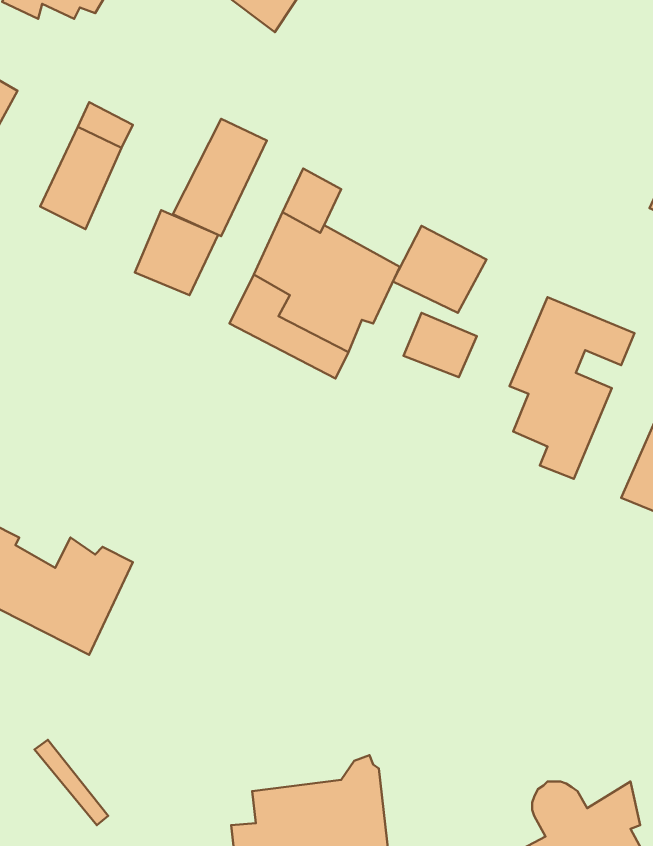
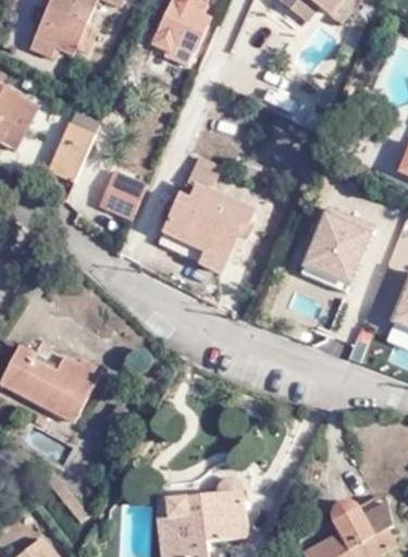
building: [173,119,267,236] -> none
building: [393,226,486,313] -> none
building: [404,313,477,377] -> none

